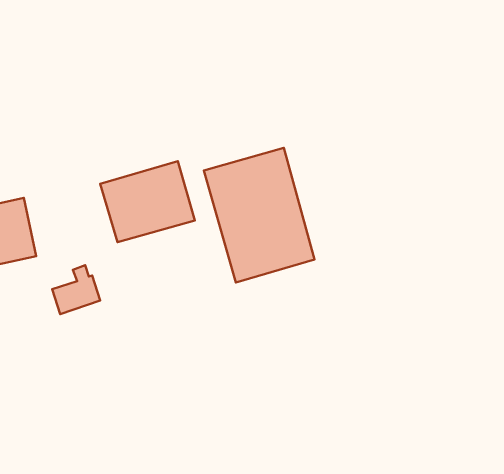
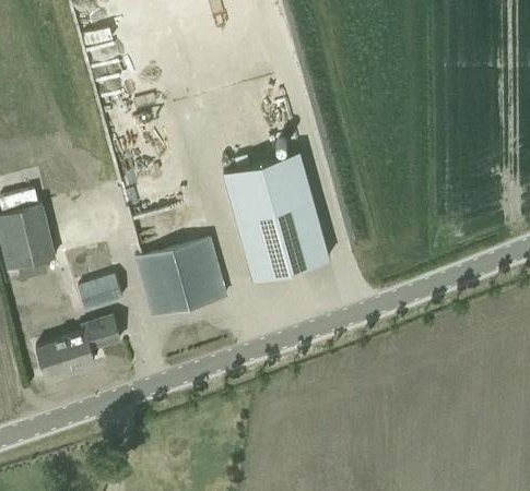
building: [100,161,195,242] -> [134,240,225,318]
building: none -> [34,316,119,376]

